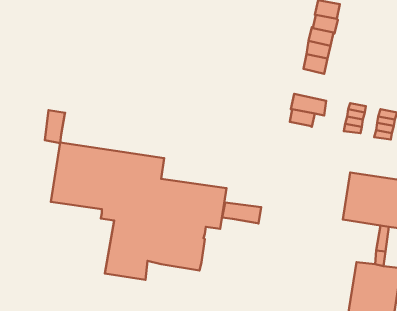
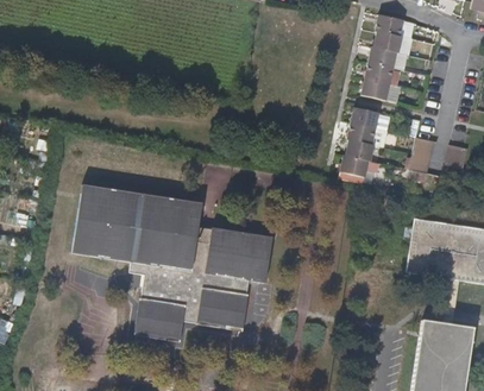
building: none -> [351,111,390,135]
building: [45,110,65,143] -> none
building: none -> [339,159,369,184]
building: [222,203,261,223] -> none

